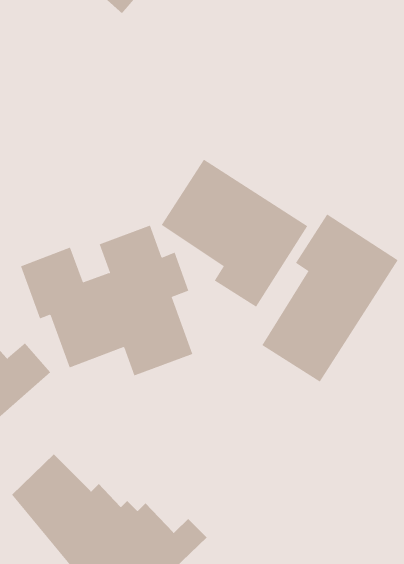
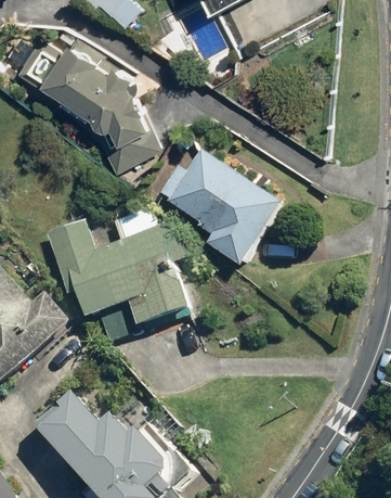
building: none -> [40,46,162,171]
building: [261,214,398,382] -> none

